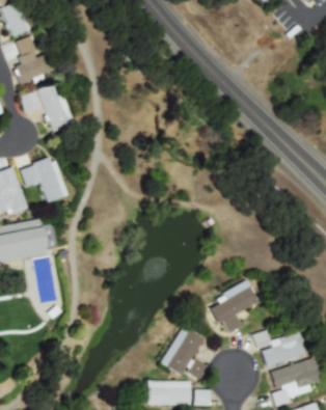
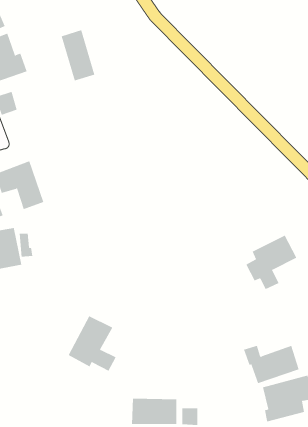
building: [37,82,70,131] -> [61,30,95,81]
building: [210,280,259,332] -> [245,235,297,290]
building: [162,326,208,379] -> [68,316,116,372]

